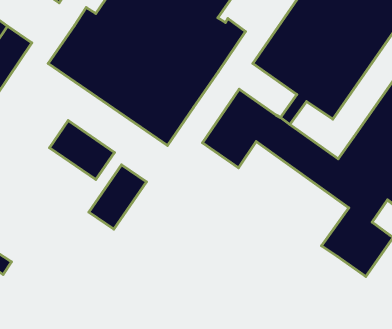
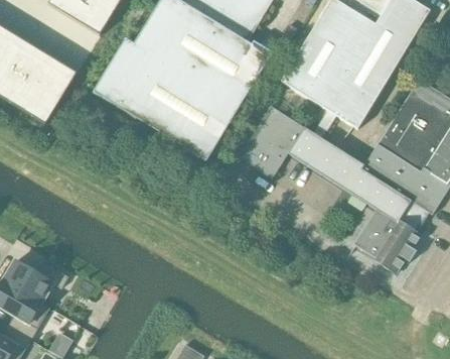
building: [50,121,114,180] -> none
building: [89,165,146,229] -> none

